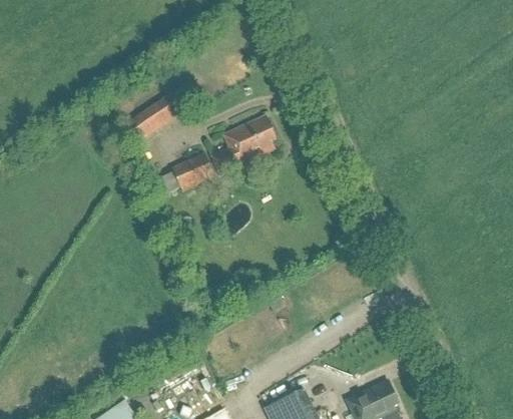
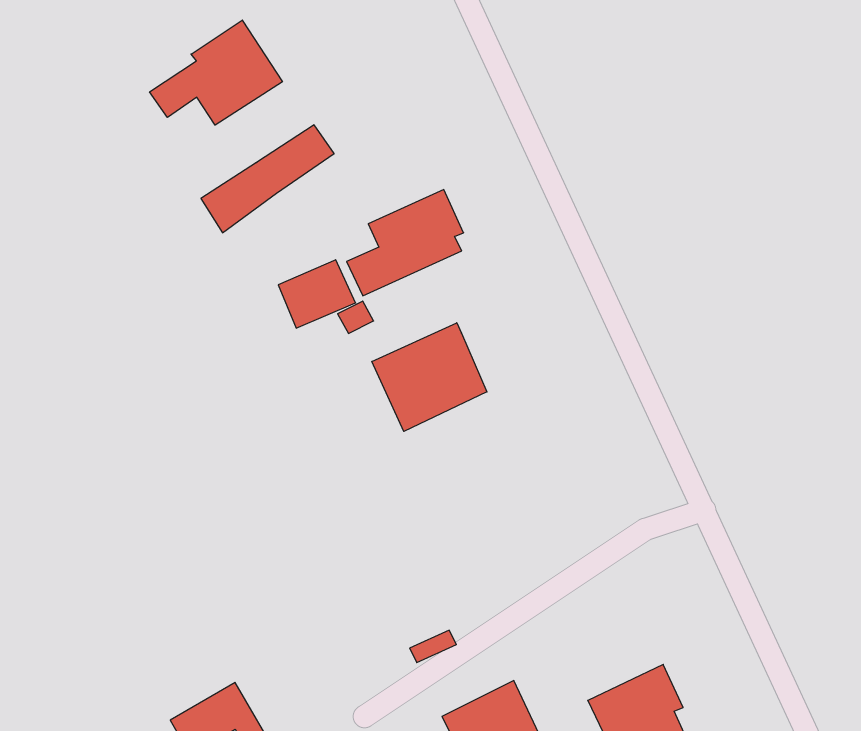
building: none -> [150,20,282,125]
building: none -> [372,323,487,431]

